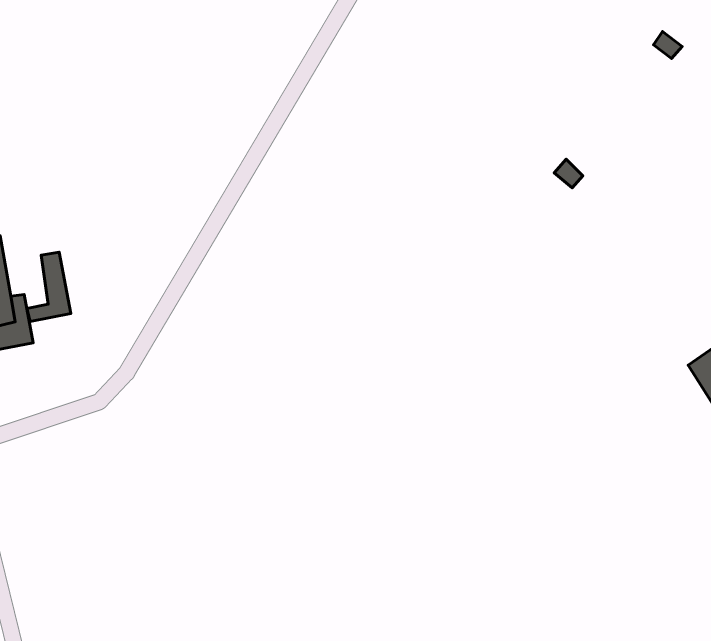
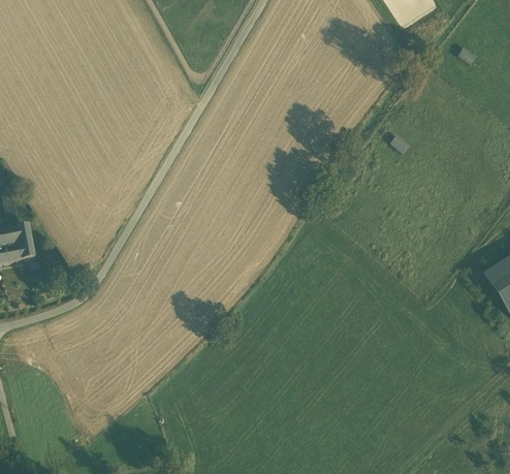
building: [27,252,71,321] -> none

